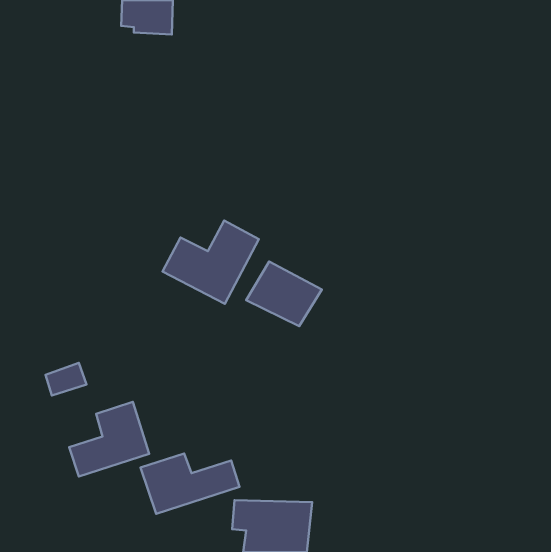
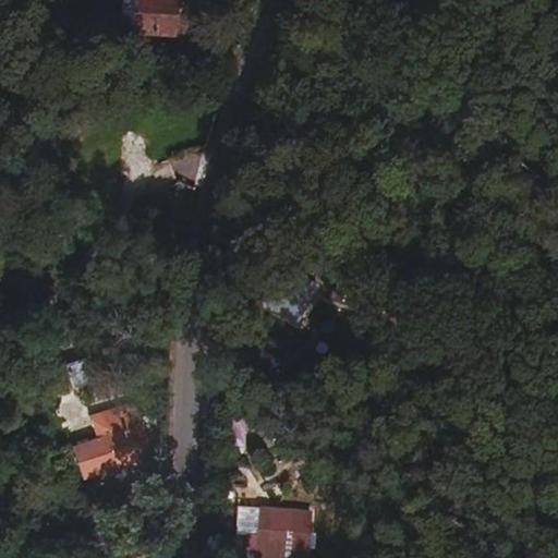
building: [163,220,259,304] -> none
building: [140,453,239,514] -> none

